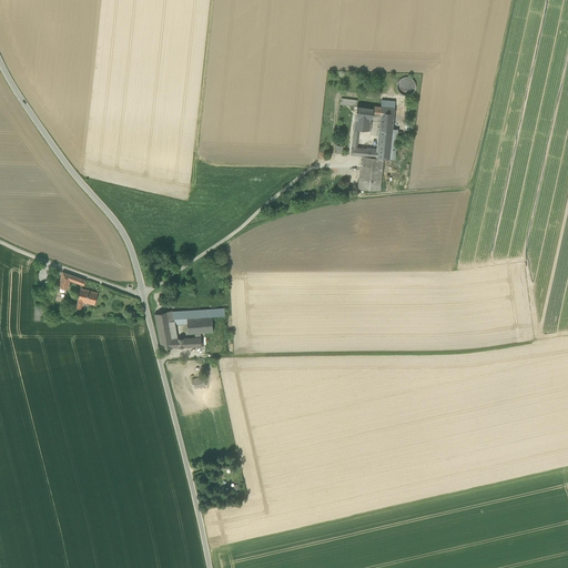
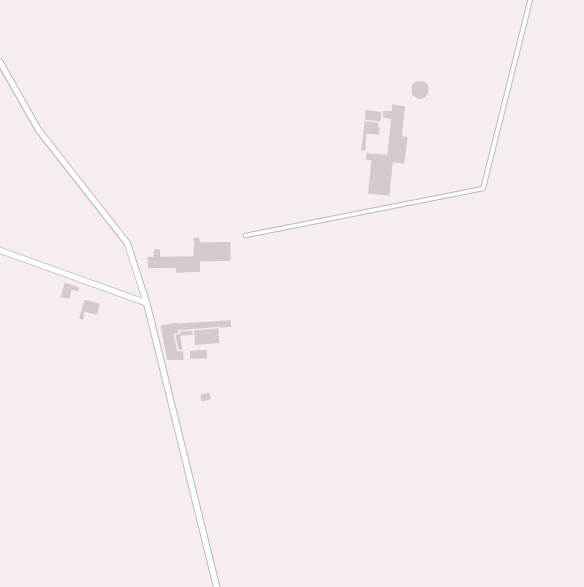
building: none -> [146,237,231,274]

